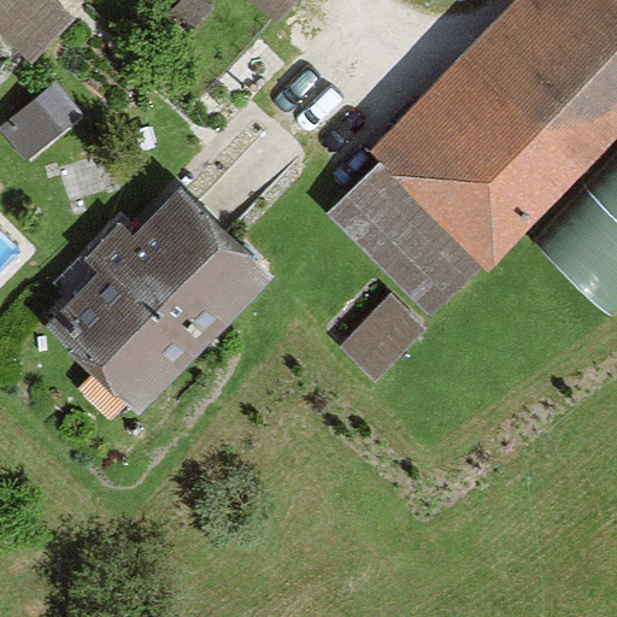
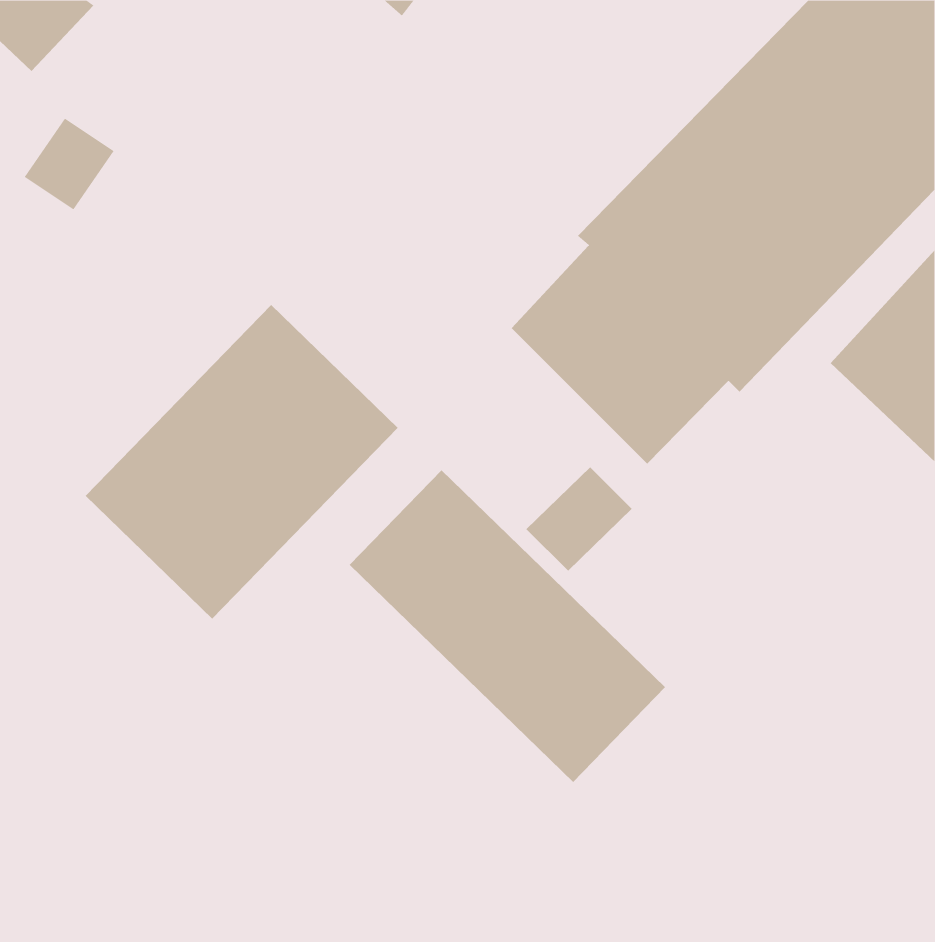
building: none -> [349,469,666,783]

